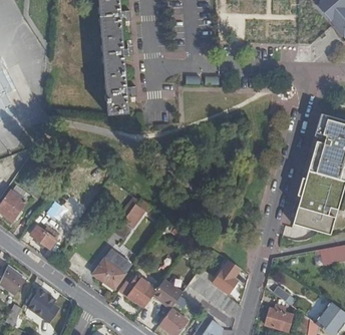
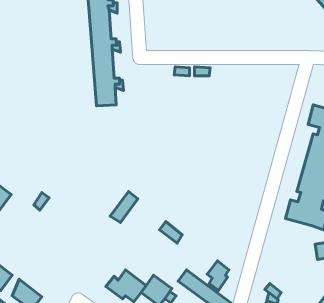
building: [29,221,55,248] -> none
building: [91,249,129,290] -> none

